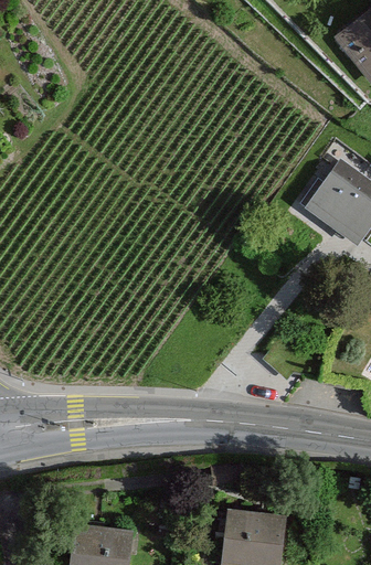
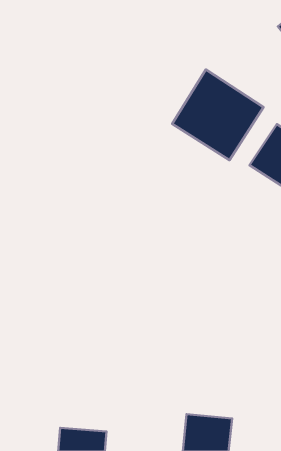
building: none -> [172,70,264,160]

